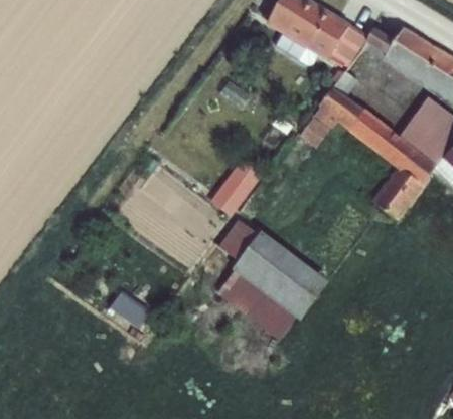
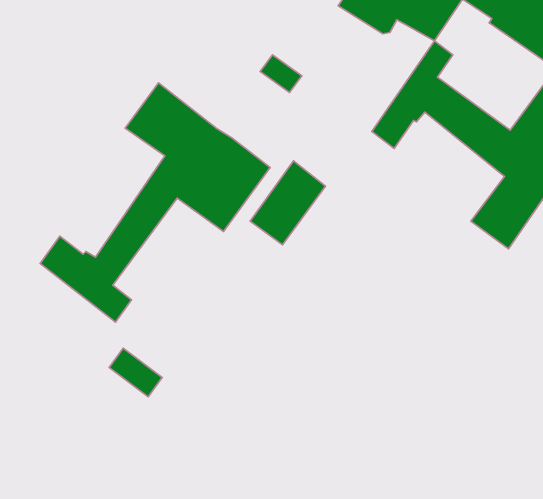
building: none -> [40,83,270,322]
building: [216,213,330,340] -> none

